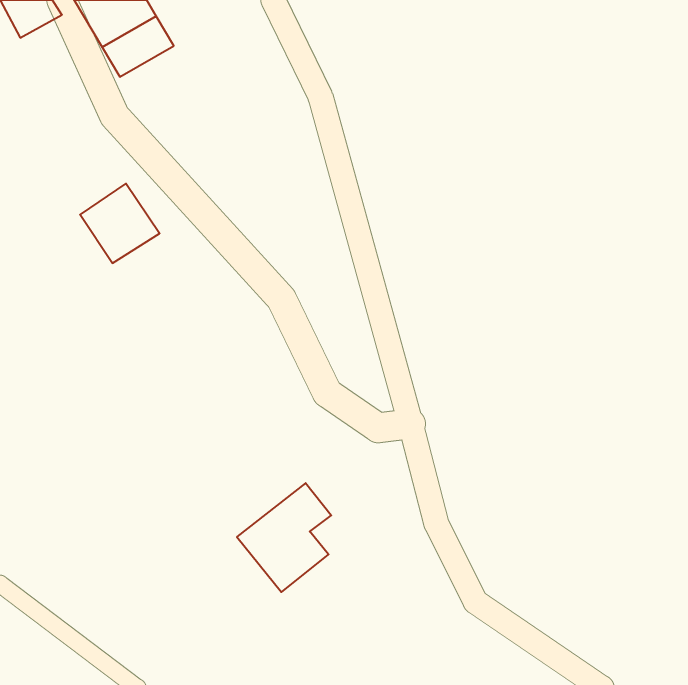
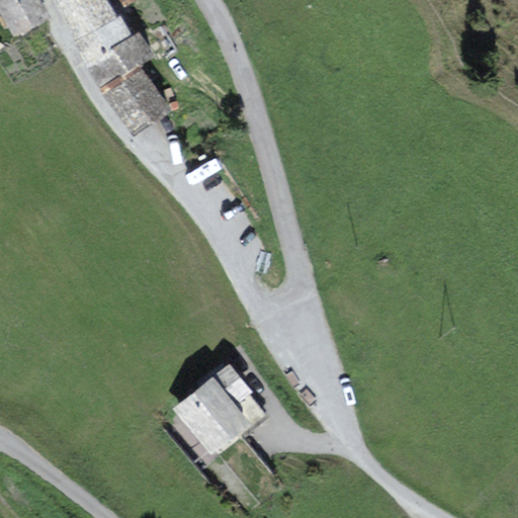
building: none -> [90,32,150,82]
building: [80,184,160,263] -> [106,69,166,128]

